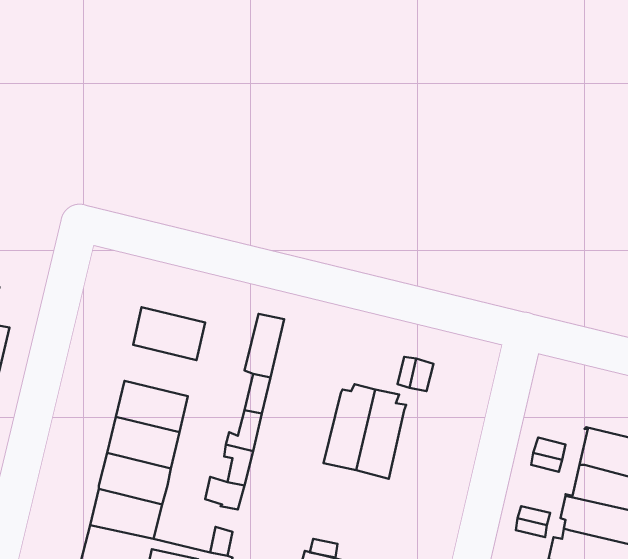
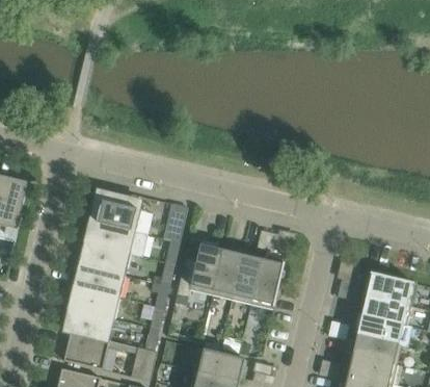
building: none -> [91,224,146,258]
building: none -> [174,237,223,306]
building: none -> [251,256,286,310]

